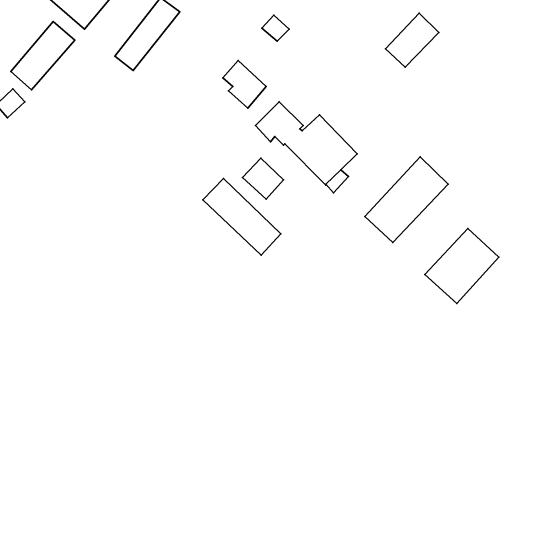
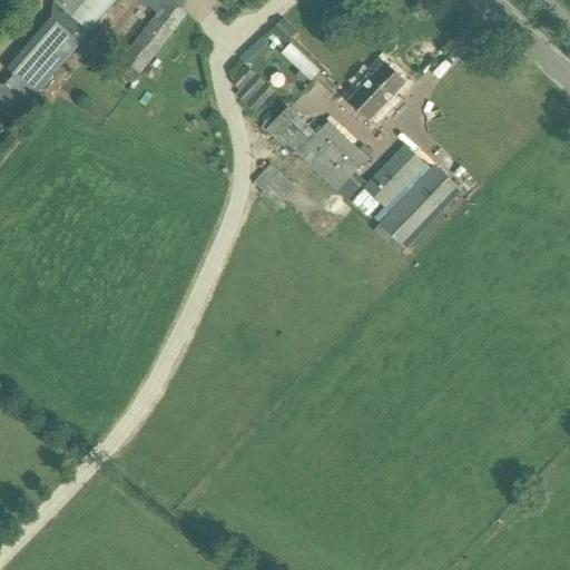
building: [386,13,439,67] -> [347,62,402,118]
building: none -> [362,144,424,207]
building: [203,179,281,255] -> none
building: [425,228,499,304] -> none

